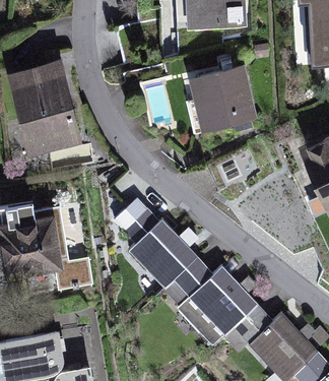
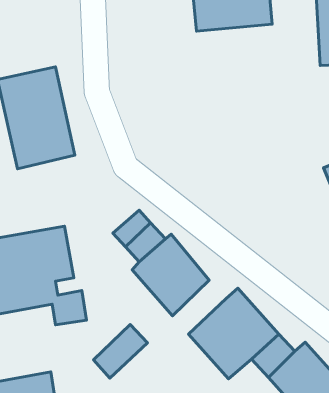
building: [188,68,257,134] -> none
building: [162,253,210,301] -> [94,324,147,378]

